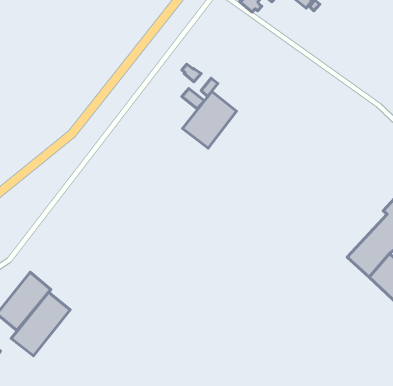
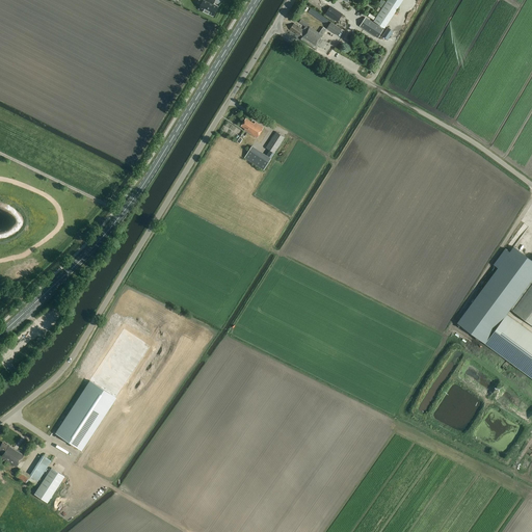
building: [183,91,236,148] -> none
building: [11,292,70,356] -> none

